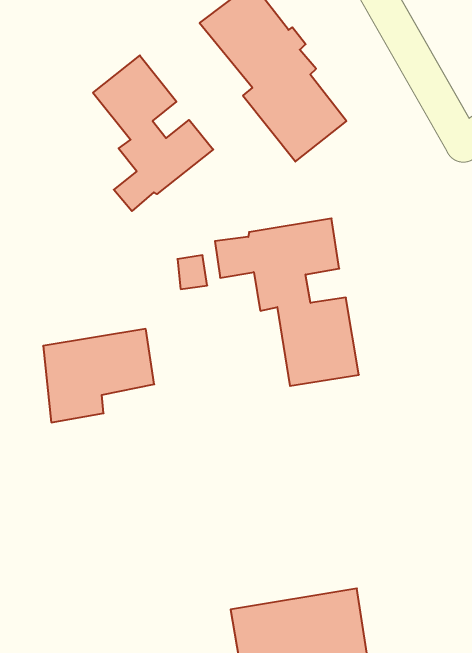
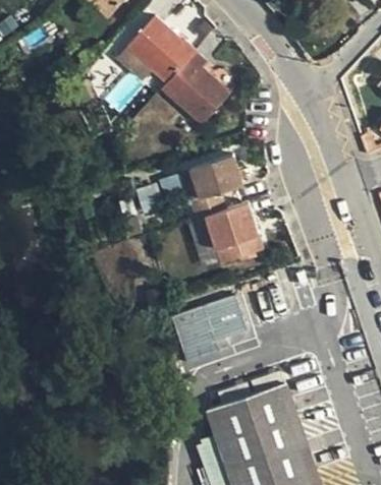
building: [93,55,213,211] -> none
building: [43,329,154,422] -> [171,297,244,365]

